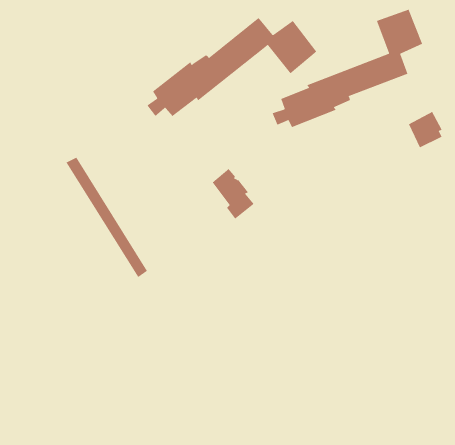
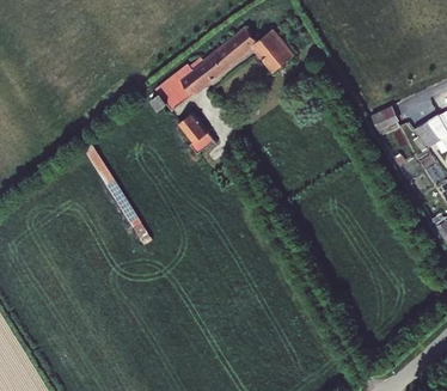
building: [272,9,423,128] -> none
building: [212,168,255,219] -> [178,111,214,154]

